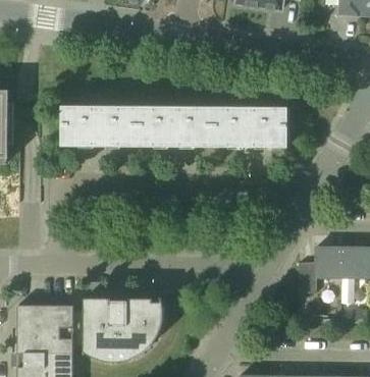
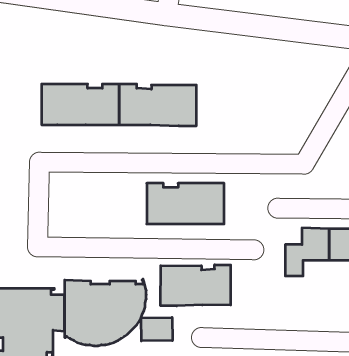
building: [212,107,287,147] -> [147,183,224,224]
building: none -> [161,265,231,306]
building: none -> [141,317,172,341]

